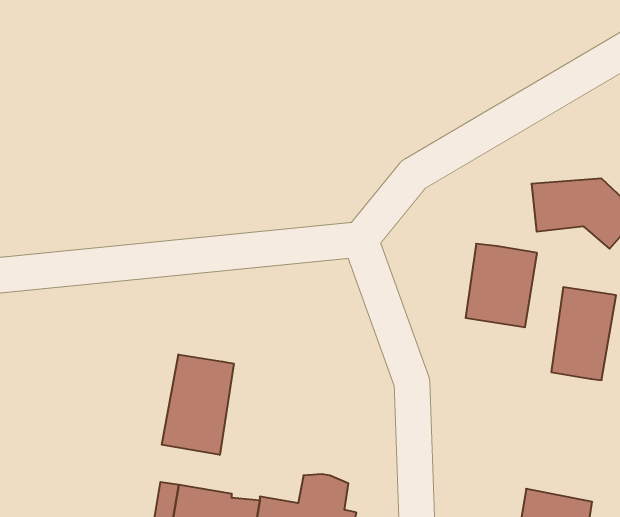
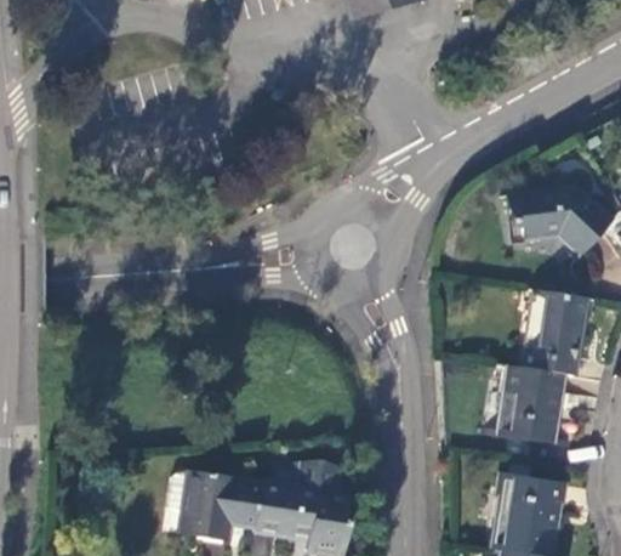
building: [466,244,537,327] -> [498,365,564,442]
building: [162,354,234,455] -> none

